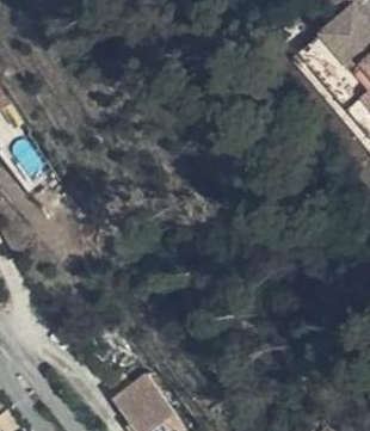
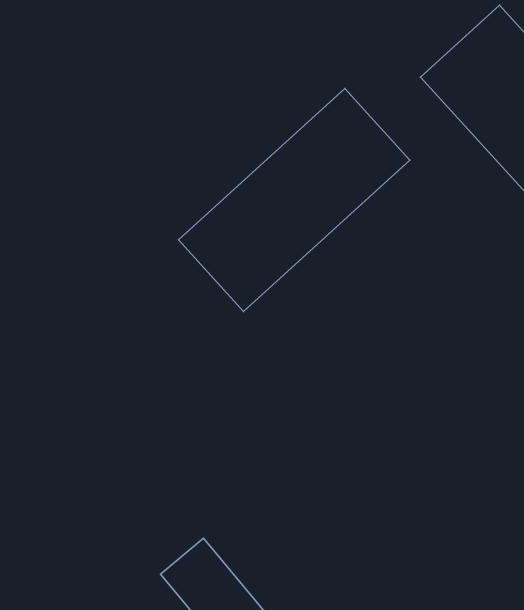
building: none -> [178,89,410,312]

